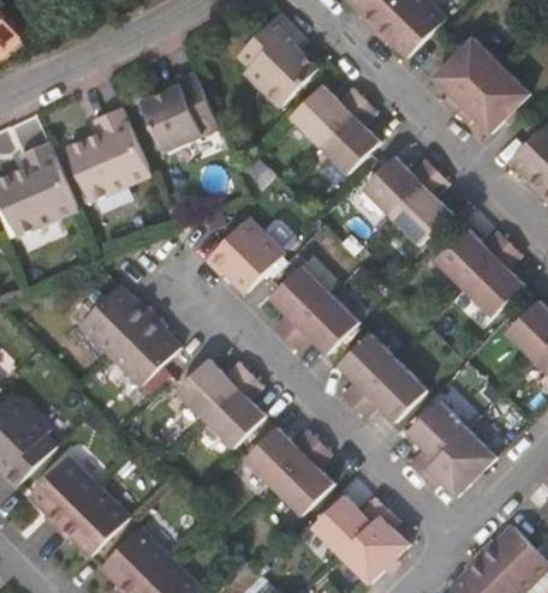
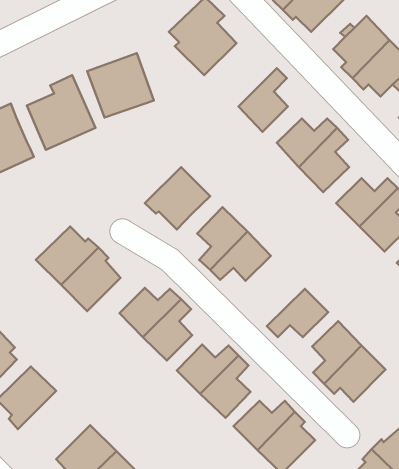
building: [291,86,364,144] -> none
building: [338,333,398,406] -> none
building: [55,483,132,556] -> none

